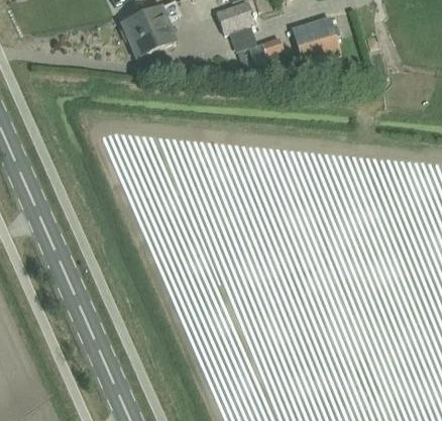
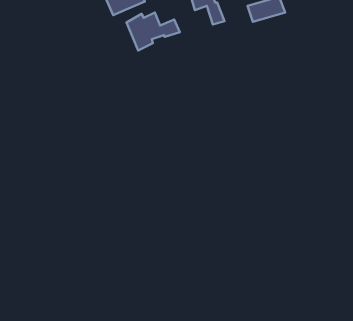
building: none -> [126,13,180,50]

